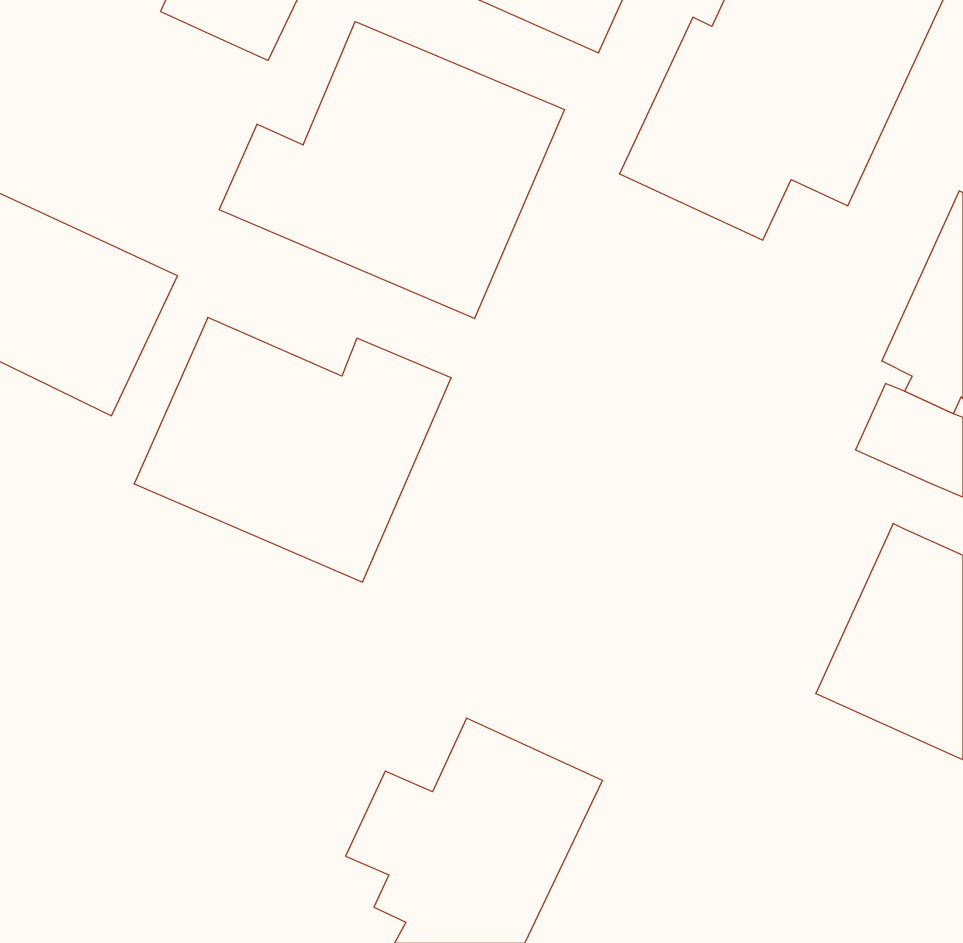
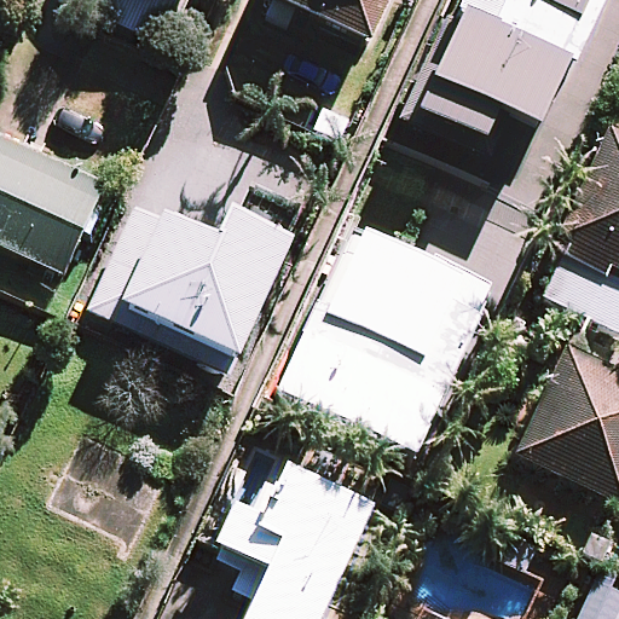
building: [219,22,564,319] -> none
building: none -> [278,227,487,451]

